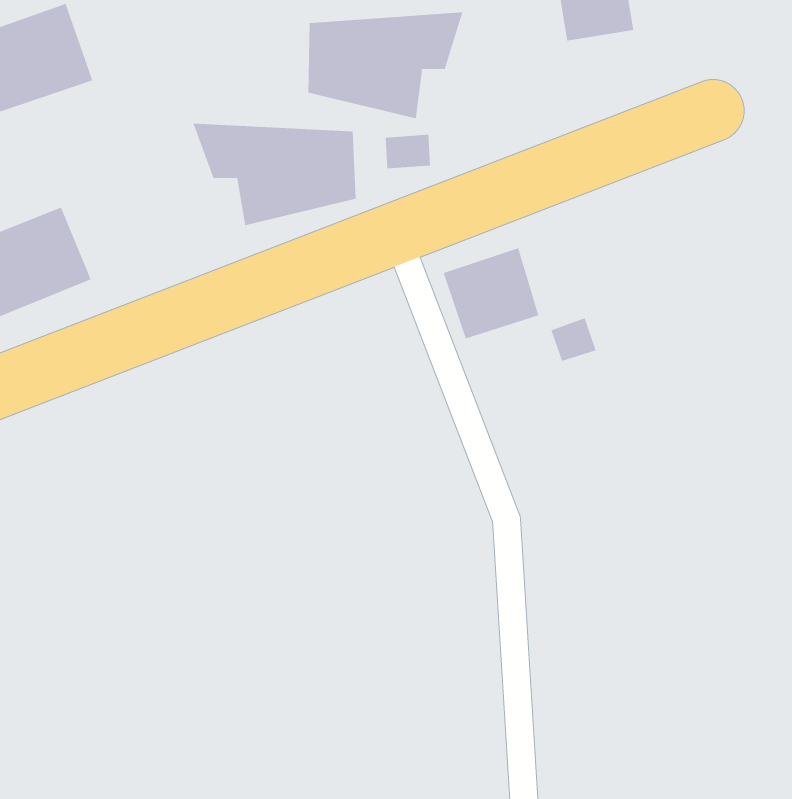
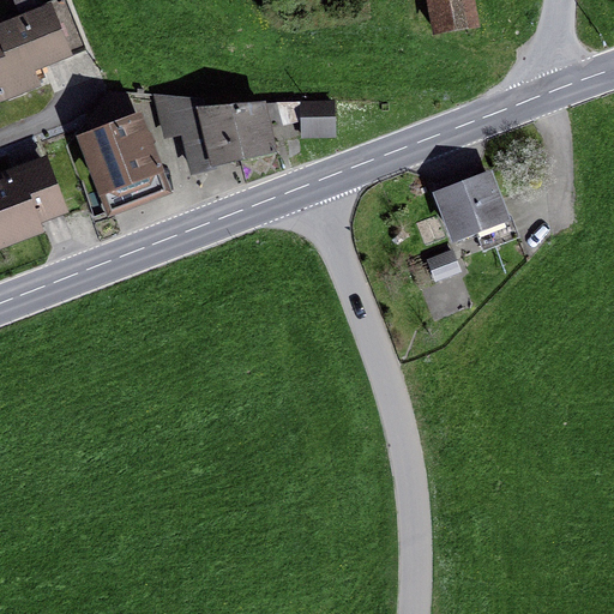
building: [308,12,463,119] -> none
building: none -> [82,121,165,212]
building: [443,248,539,339] -> [437,173,510,242]

